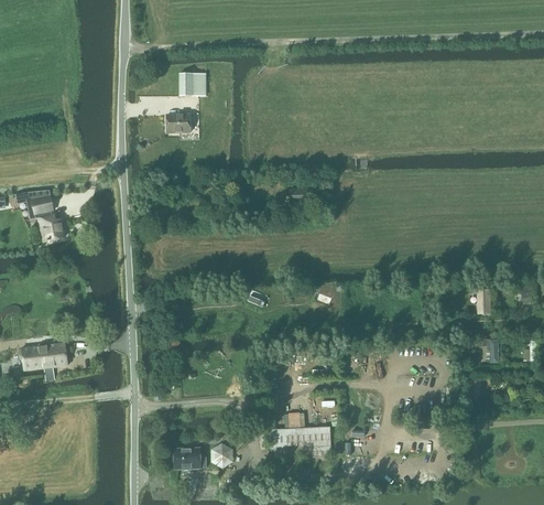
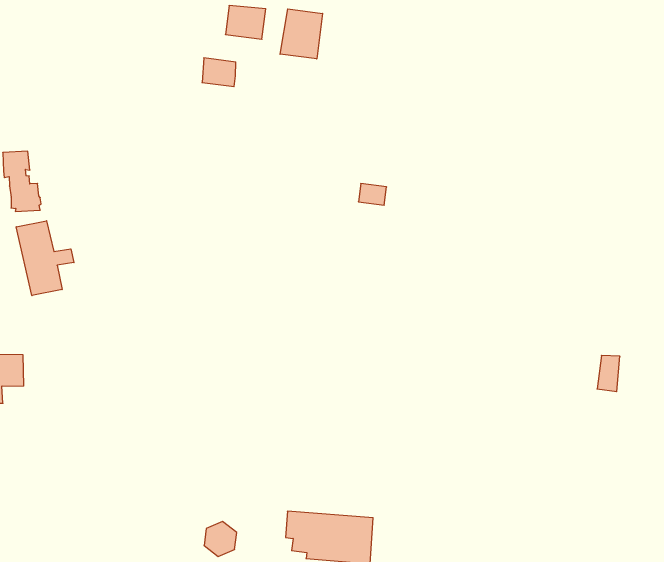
building: none -> [280,9,323,59]
building: none -> [16,221,74,296]
building: [174,445,206,466] -> none

